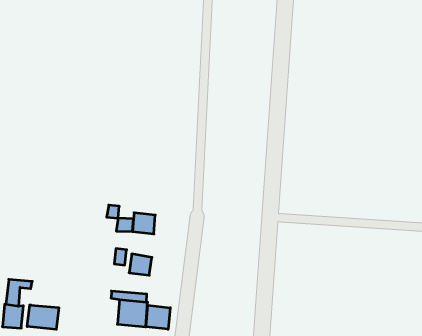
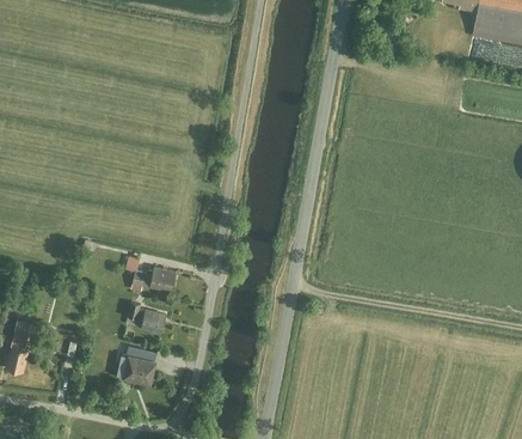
building: [27,305,59,329] -> none
building: [146,305,170,329] -> none

